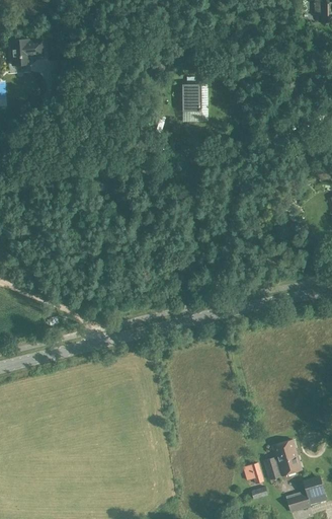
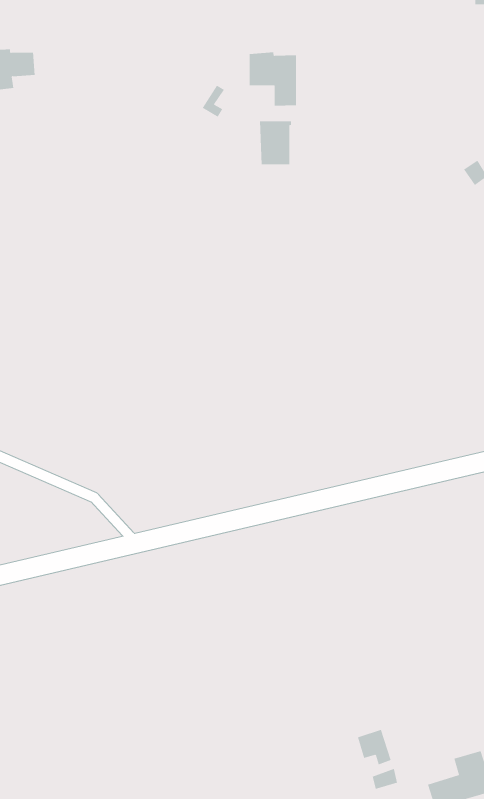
building: none -> [249,51,296,107]
building: [264,441,301,478] -> none

